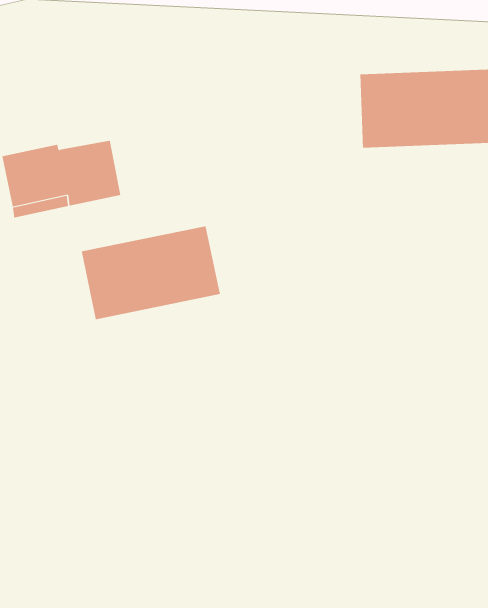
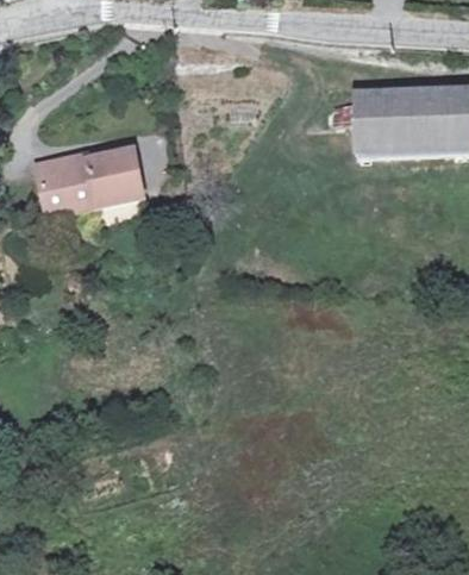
building: [81,225,220,320] -> none

